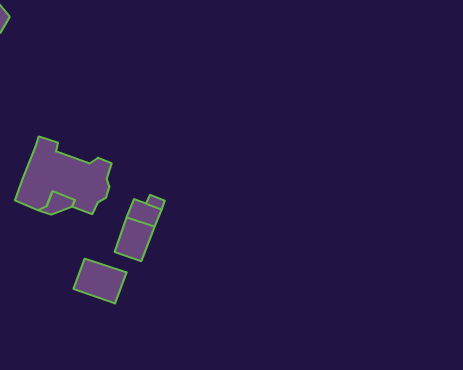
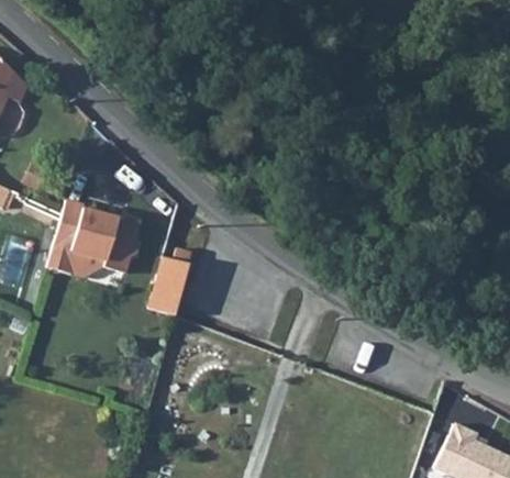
building: [74,259,127,304] -> none

